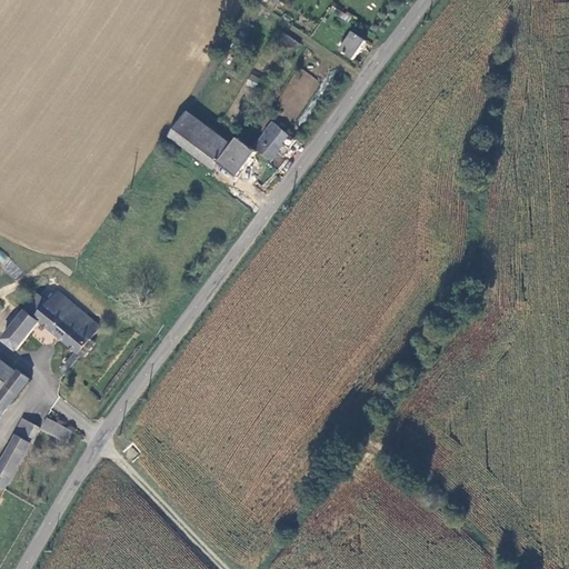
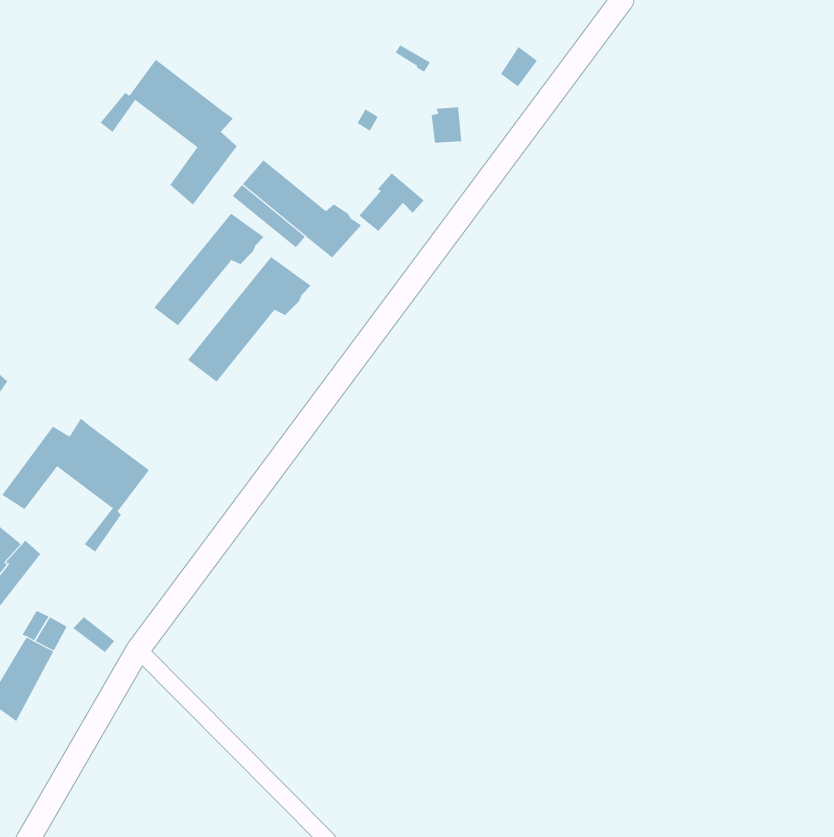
building: none -> [100,59,238,205]
building: none -> [154,213,265,326]
building: none -> [187,256,312,382]

